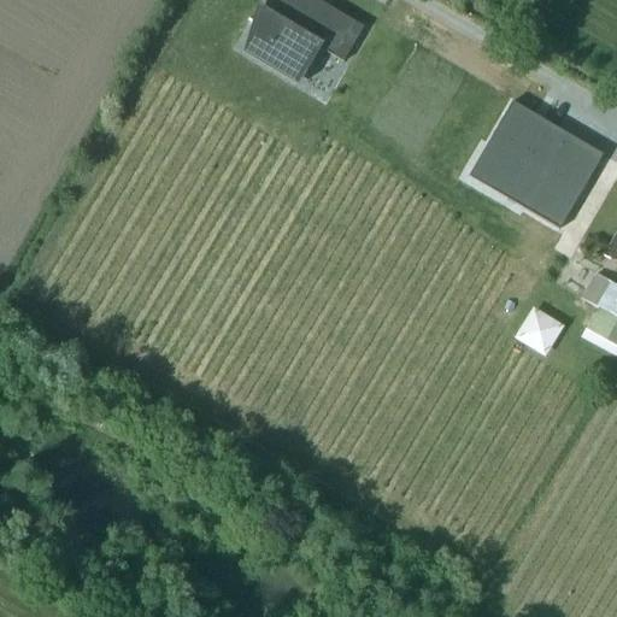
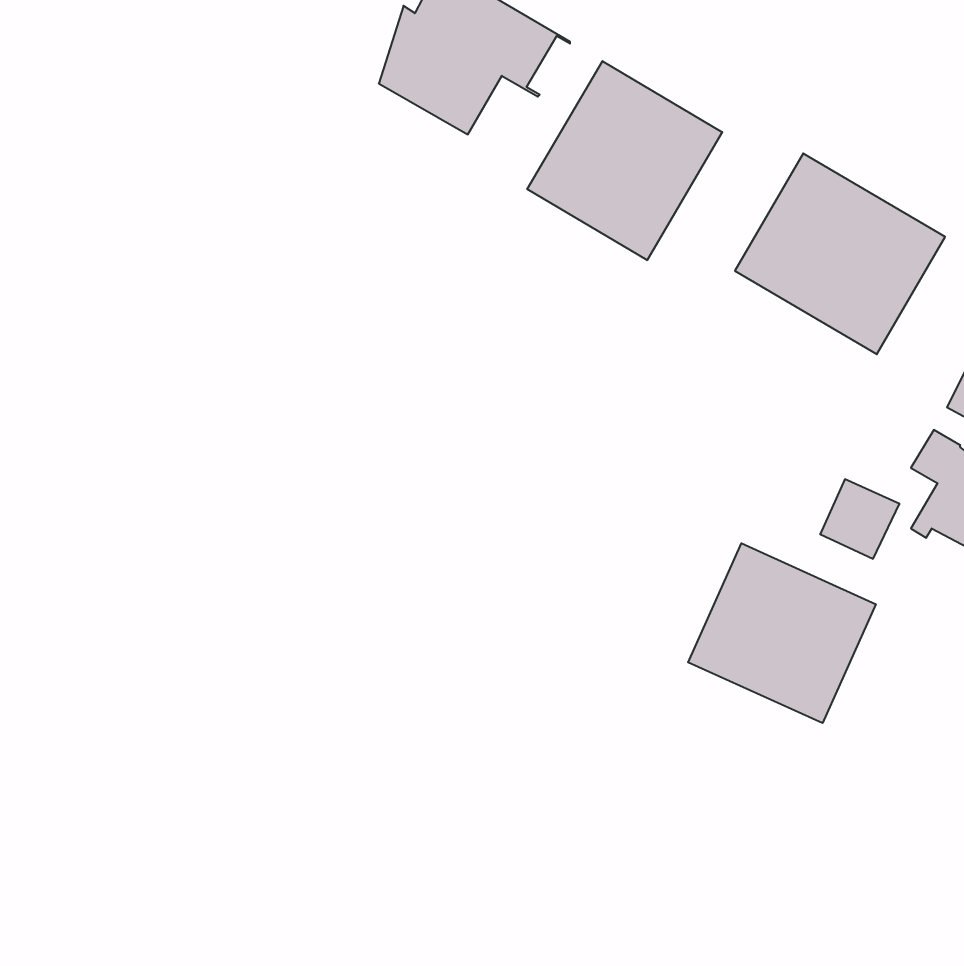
building: none -> [527,61,722,260]
building: none -> [688,543,876,723]

